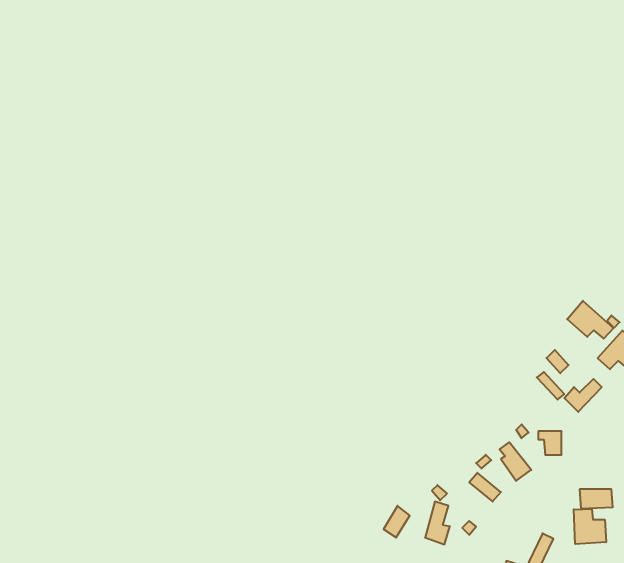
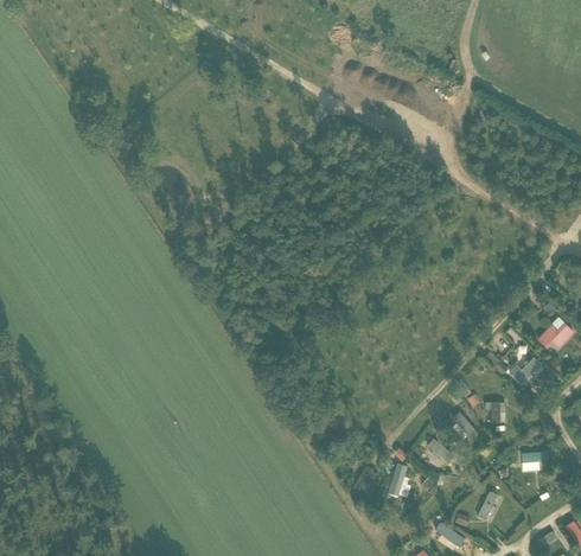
building: [567,301,613,339] -> none
building: [574,509,606,544] -> none

